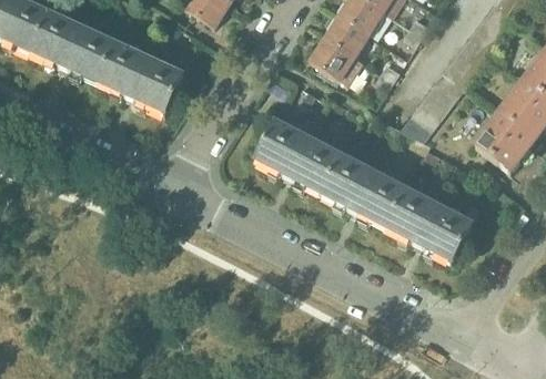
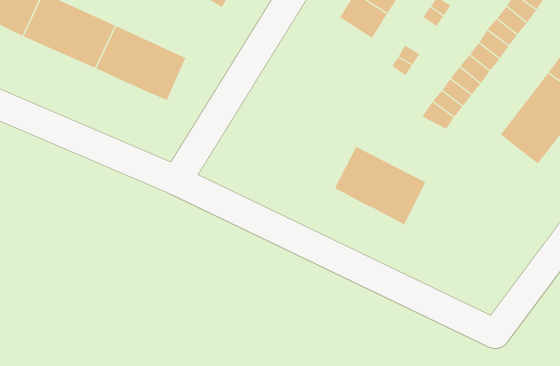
building: [310,33,364,82] -> none
building: [255,119,341,192] -> none
building: [386,186,473,260] -> none

